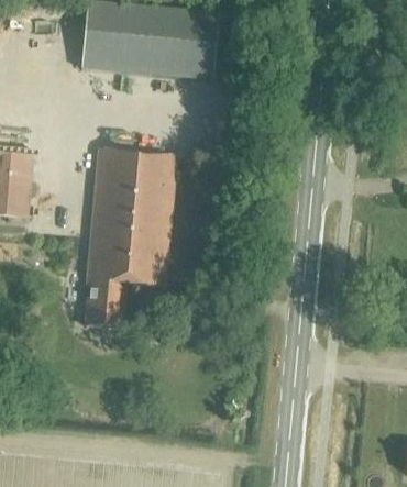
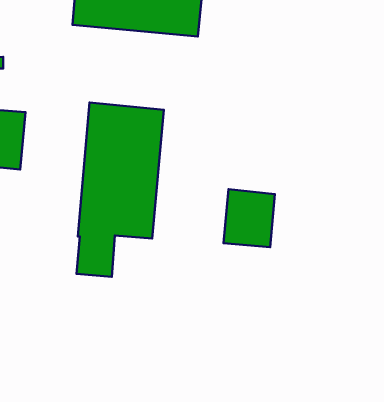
building: none -> [224,189,275,247]

